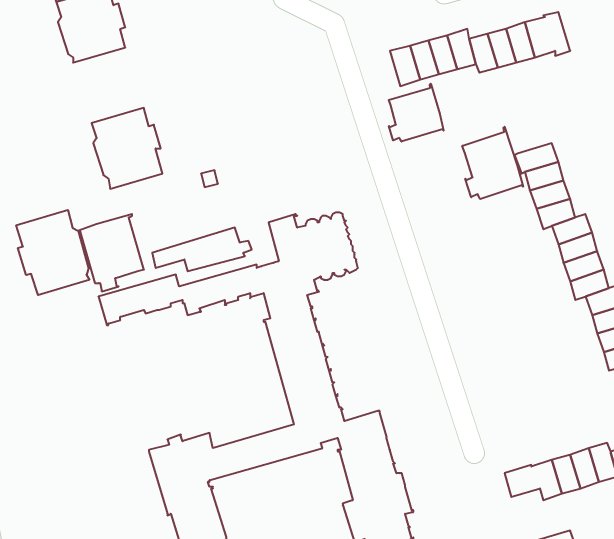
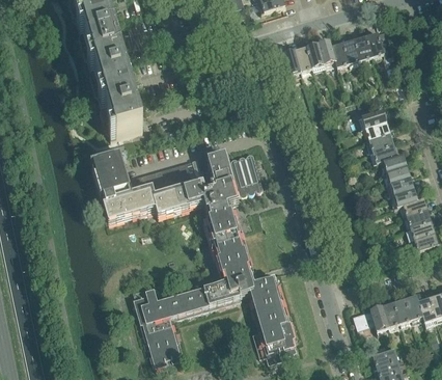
building: none -> [87,50,131,97]
building: [389,84,444,142] -> none
building: [462,127,523,199] -> none
building: [16,210,89,295] -> none

